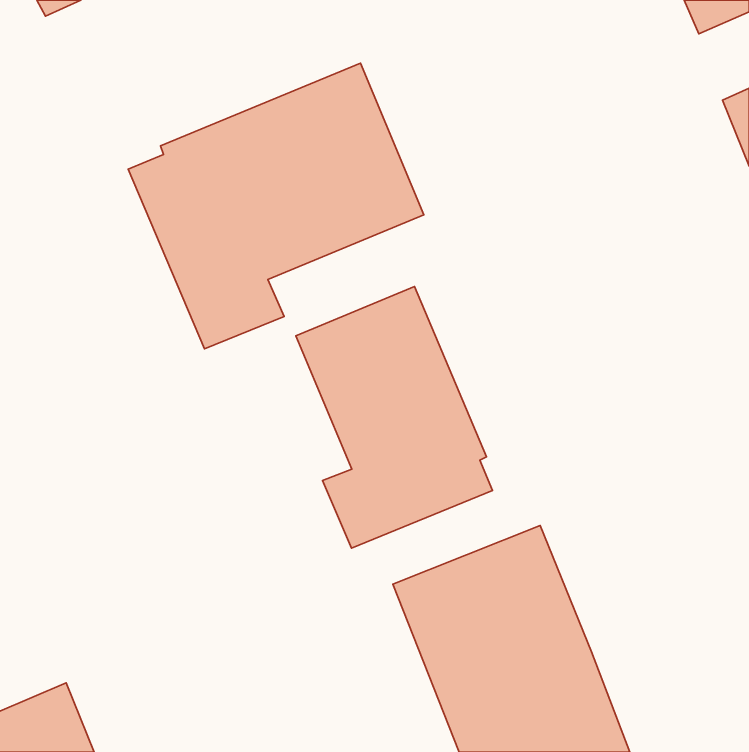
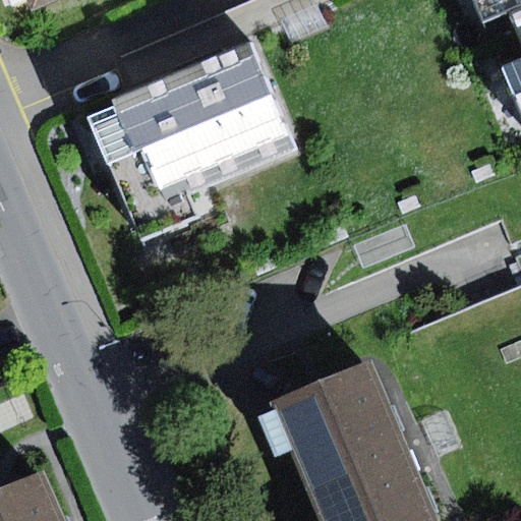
building: [296,286,493,548] -> none

